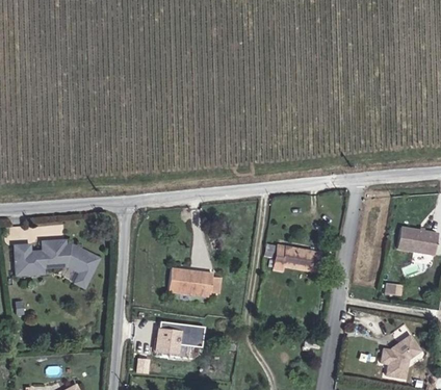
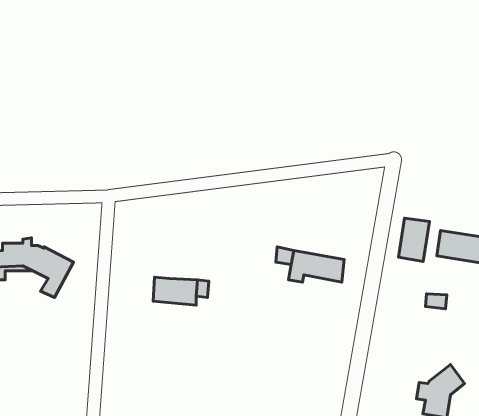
building: none -> [398,218,430,262]
building: [161,320,210,354] -> none

